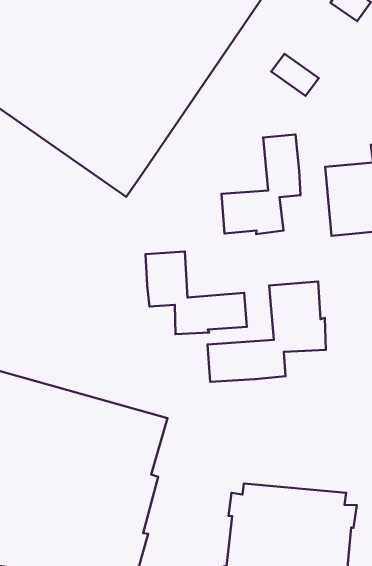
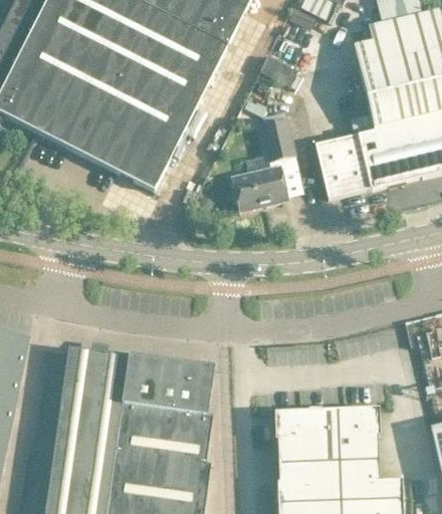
building: [146,251,247,334] -> none
building: [208,282,326,382] -> none

